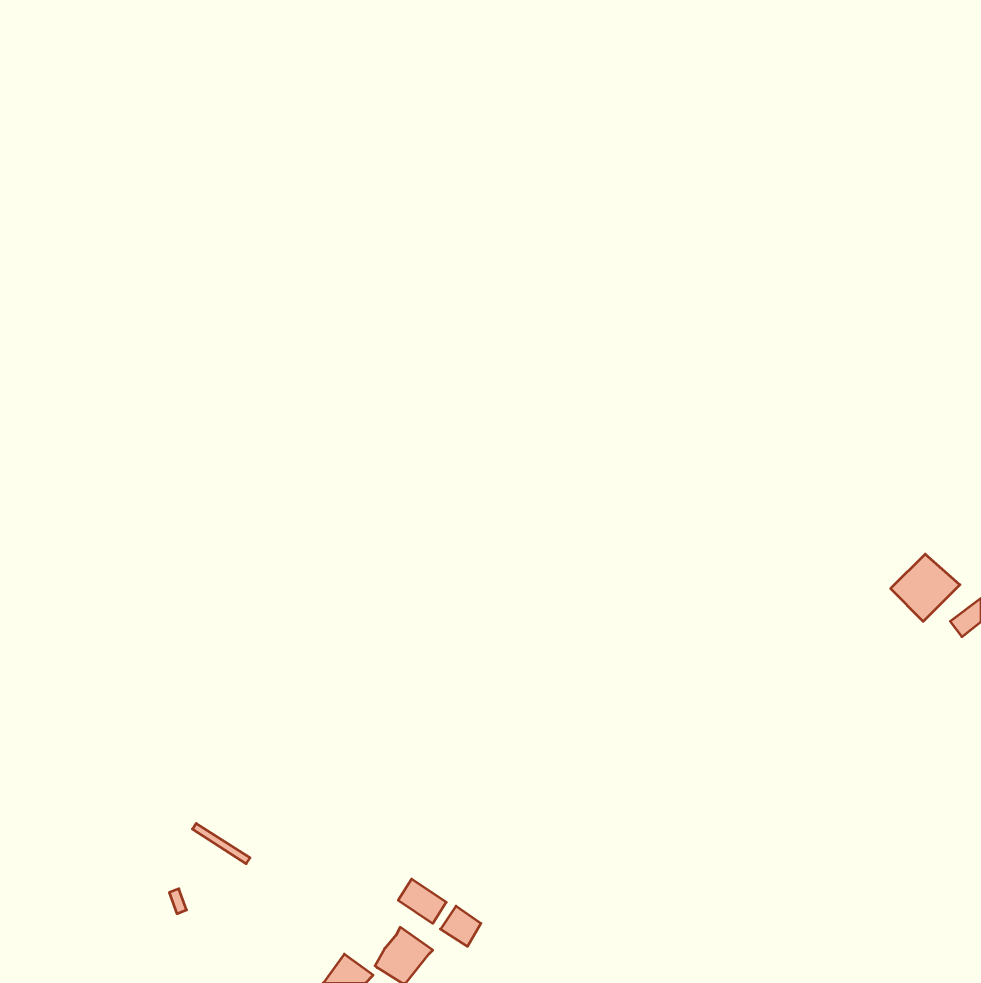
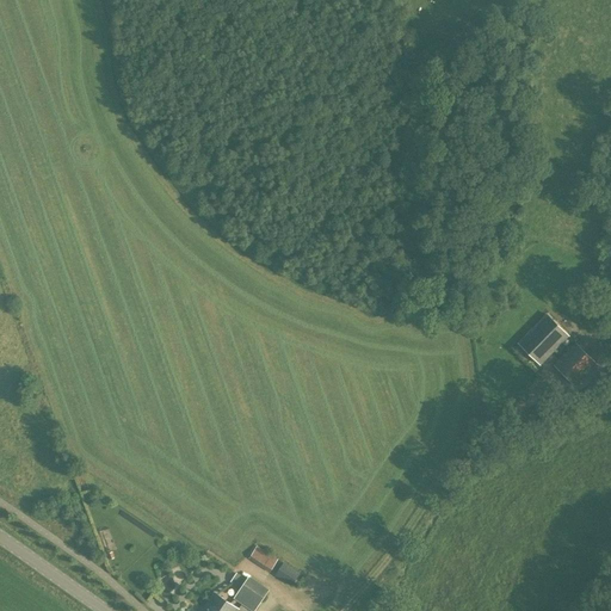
building: none -> [518,315,567,364]

